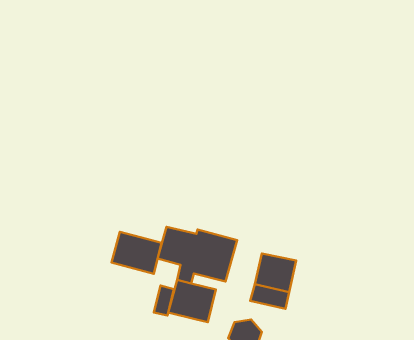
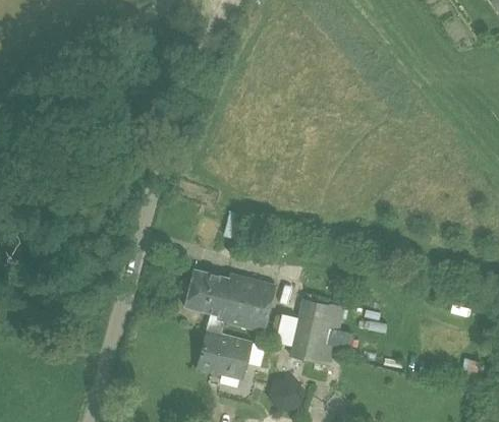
building: [111,232,162,274] -> none
building: [154,286,174,315] -> none

